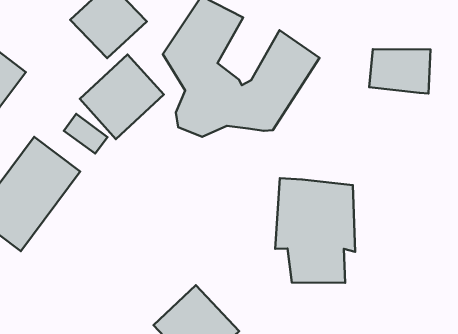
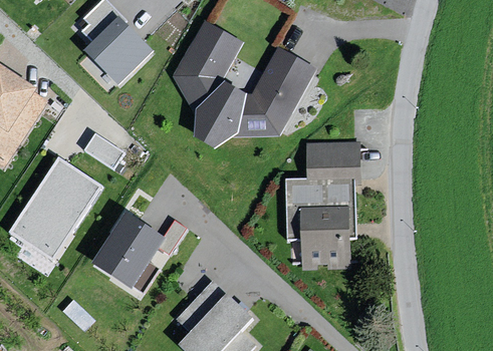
building: [369,49,430,93] -> [301,142,354,182]
building: [80,54,164,139] -> none
building: none -> [96,214,164,285]

